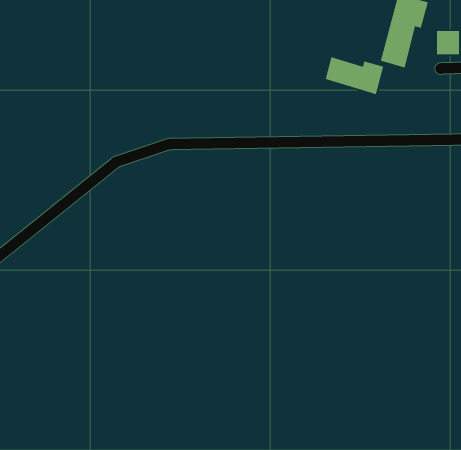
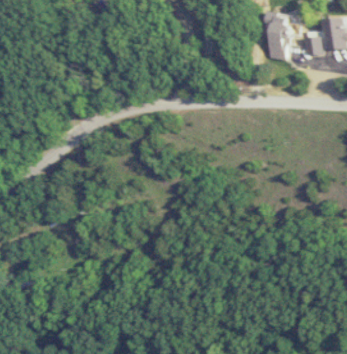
building: [325,56,384,95] -> none

